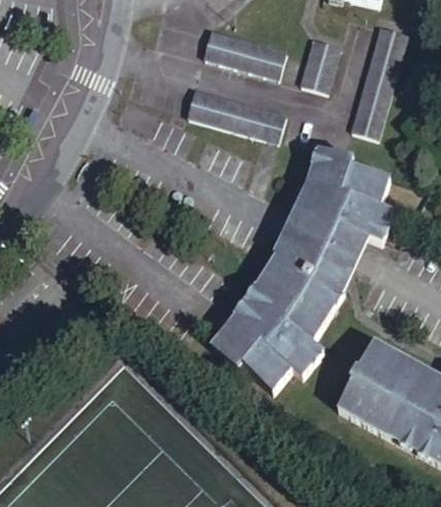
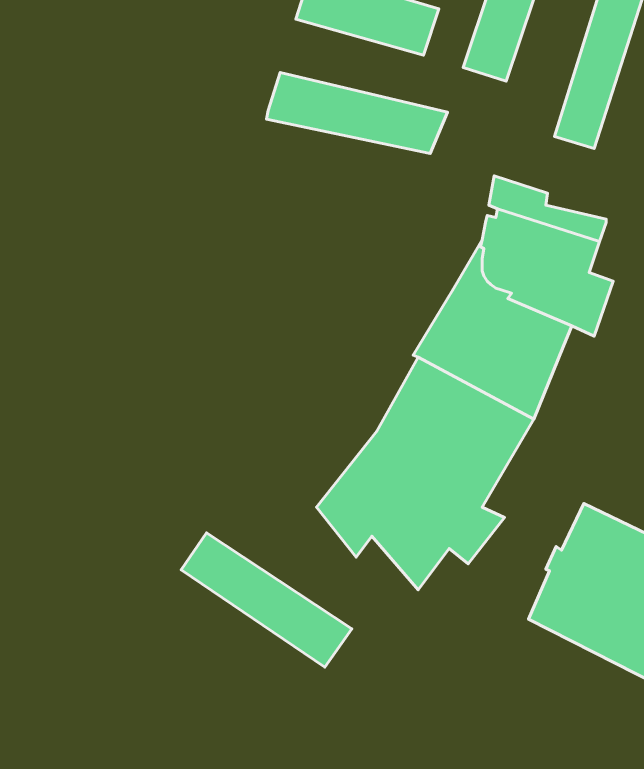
building: none -> [181,533,352,667]

